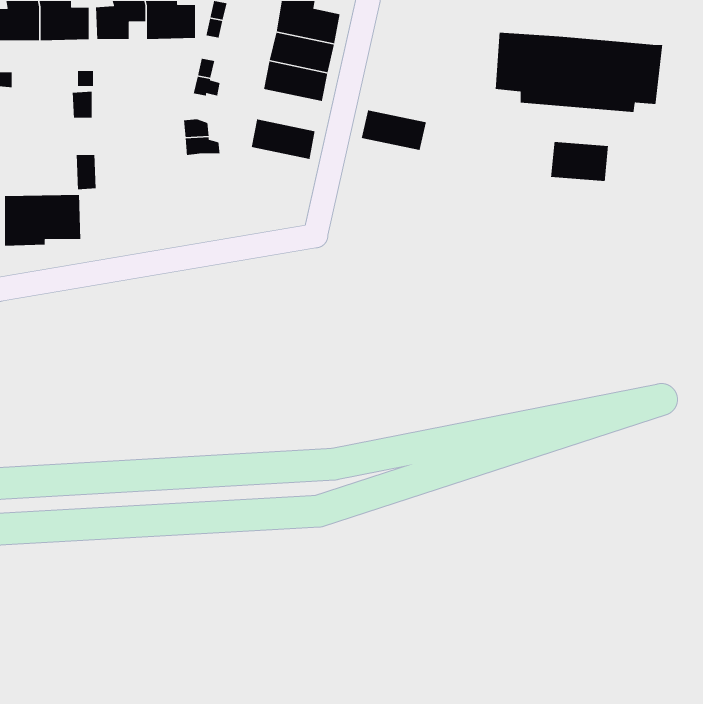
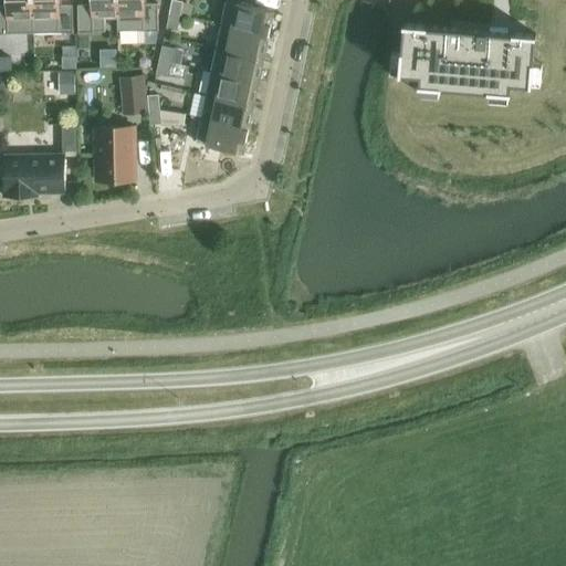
building: none -> [120,75,146,113]
building: [361,110,427,151] -> [206,72,259,105]
building: [550,141,609,182] -> none
building: none -> [196,118,249,153]
building: none -> [94,127,135,181]

